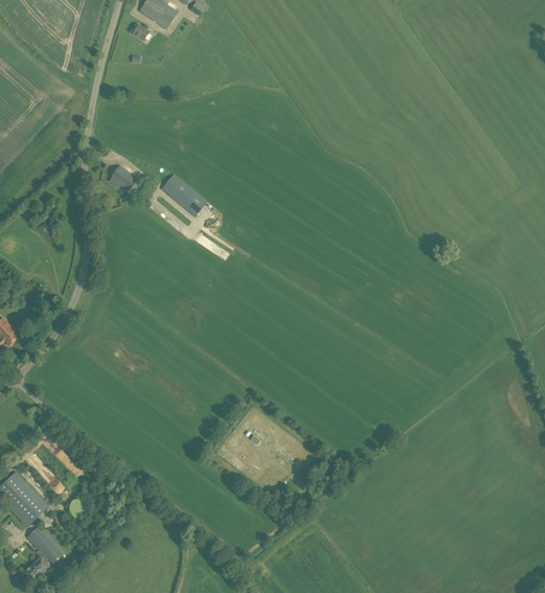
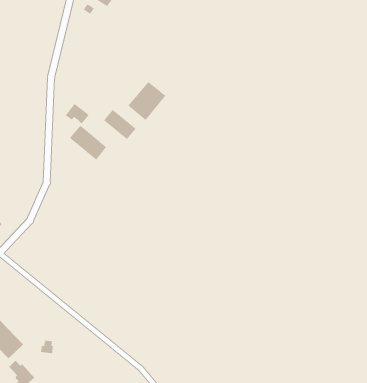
building: none -> [128,81,166,121]
building: none -> [69,125,107,160]

